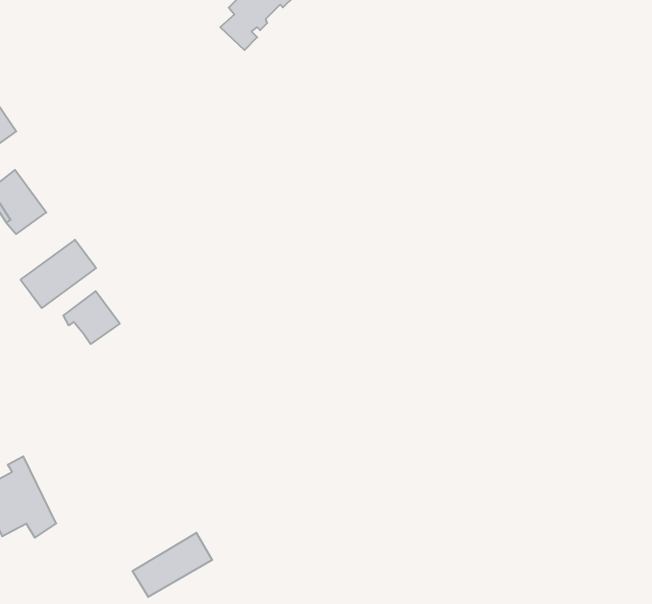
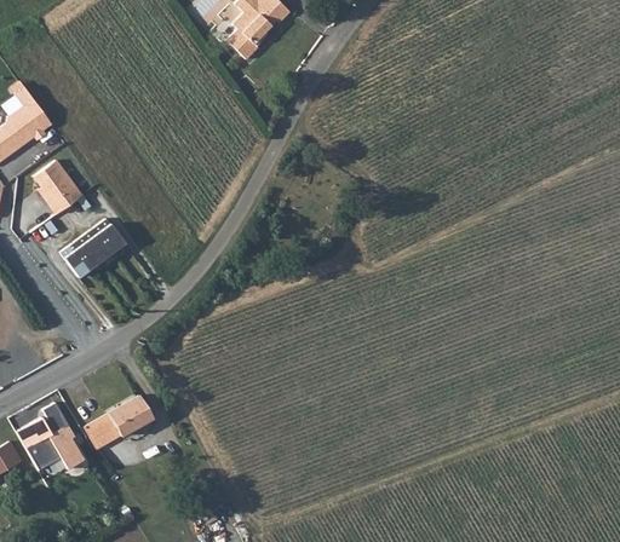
building: [63,291,120,344] -> none
building: [132,533,212,597] -> [90,396,157,450]

